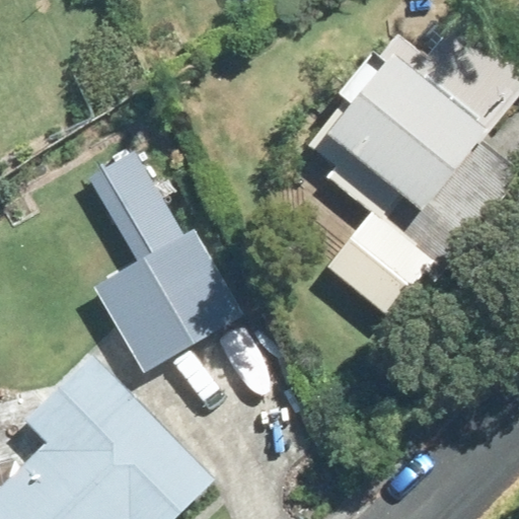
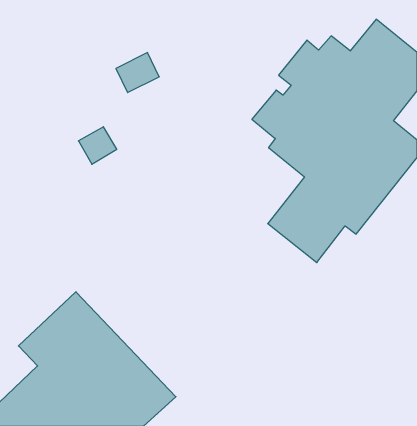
building: [99,236,228,360] -> none

